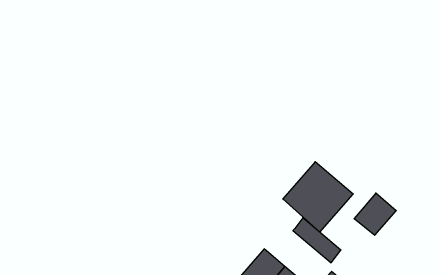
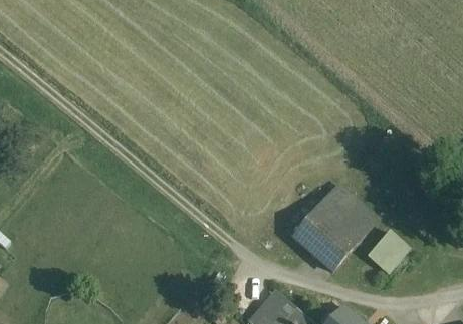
building: [293,218,341,263] -> [326,187,376,233]

